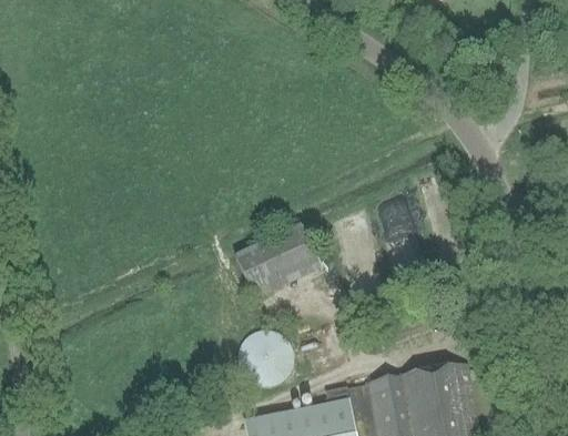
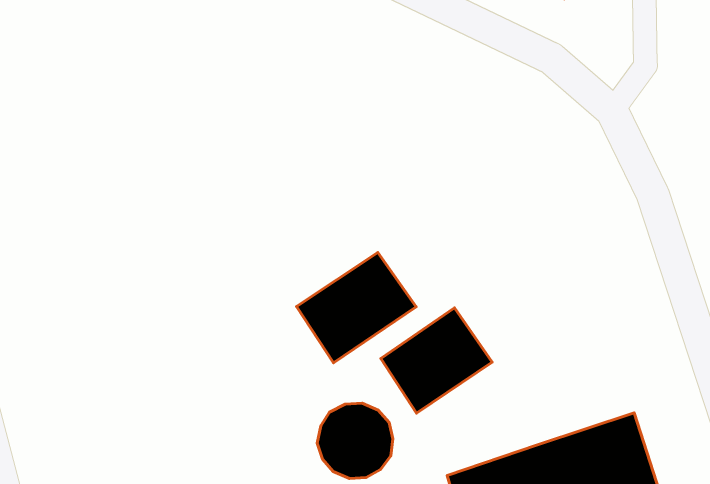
building: none -> [381,308,492,413]

